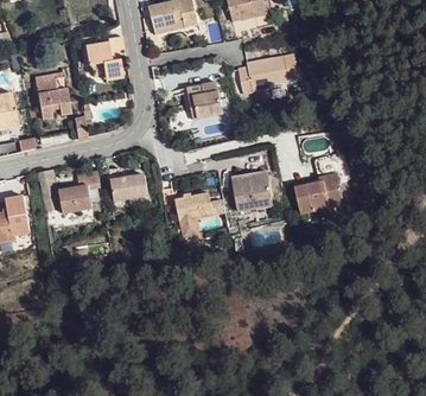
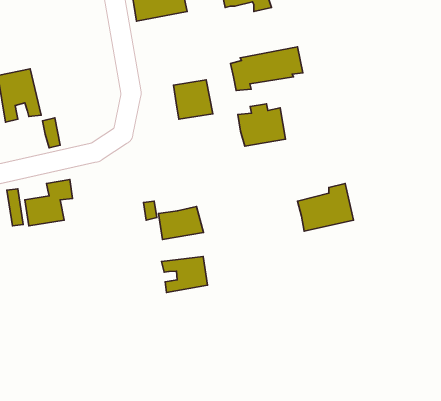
building: [82,37,122,82] -> none
building: [231,174,273,211] -> [238,104,286,146]
building: [112,177,145,202] -> none
building: none -> [161,256,207,293]

